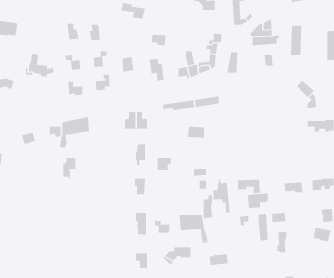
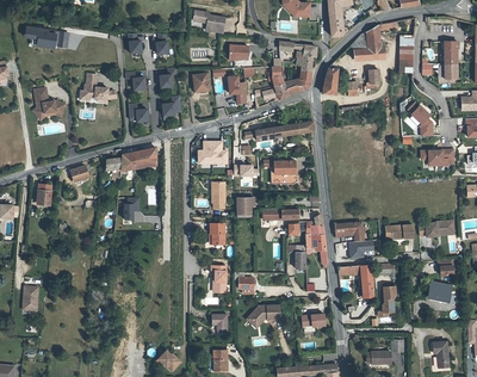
building: [179,214,208,244] -> none

